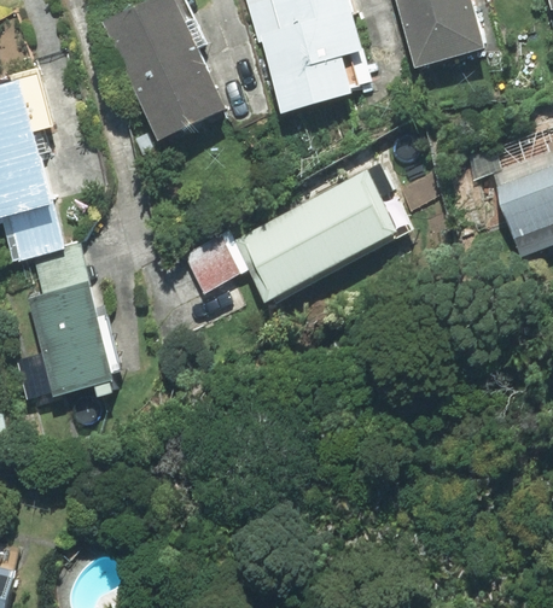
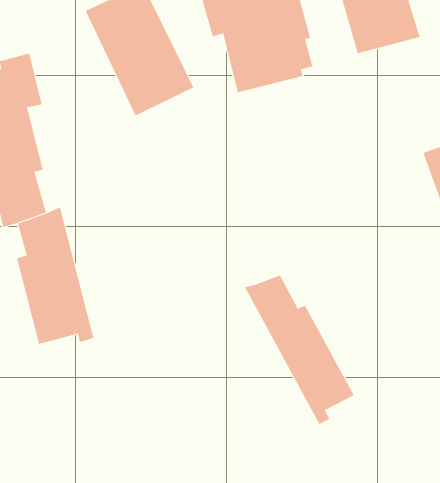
building: [174,154,400,302] -> none
building: none -> [244,275,354,425]

